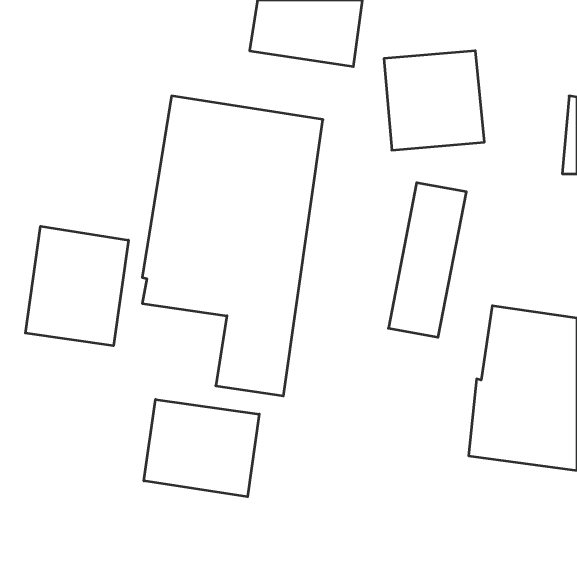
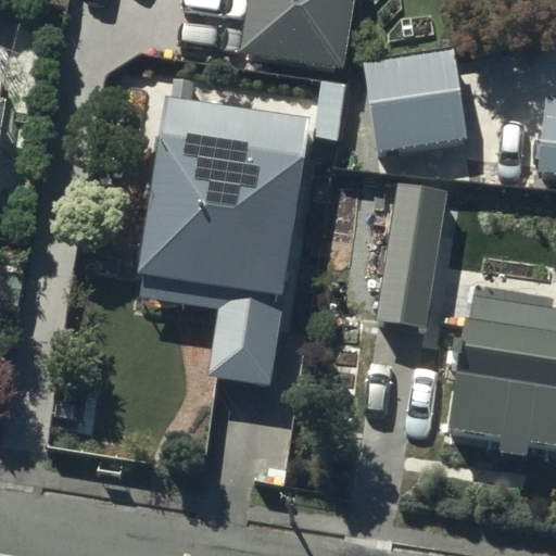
building: [25,226,128,346] -> none
building: [144,399,259,497] -> none

